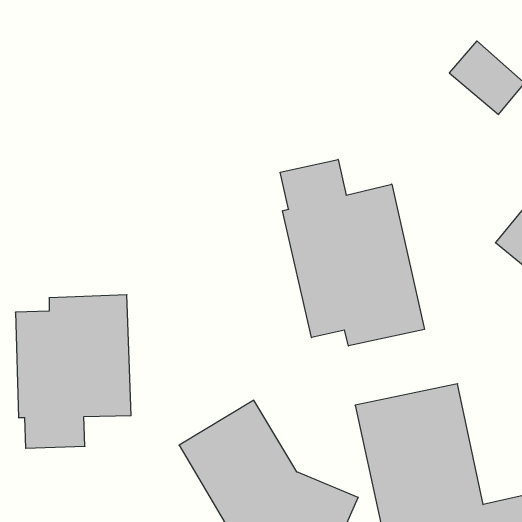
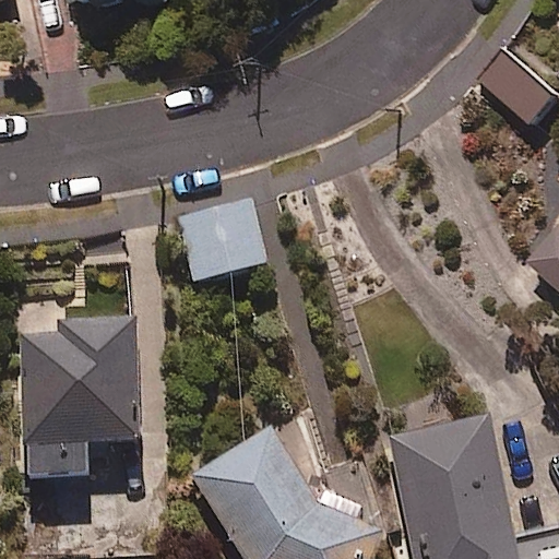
building: [280,159,424,346] -> none
building: none -> [178,202,266,282]

